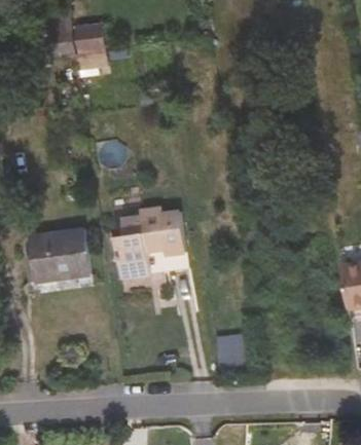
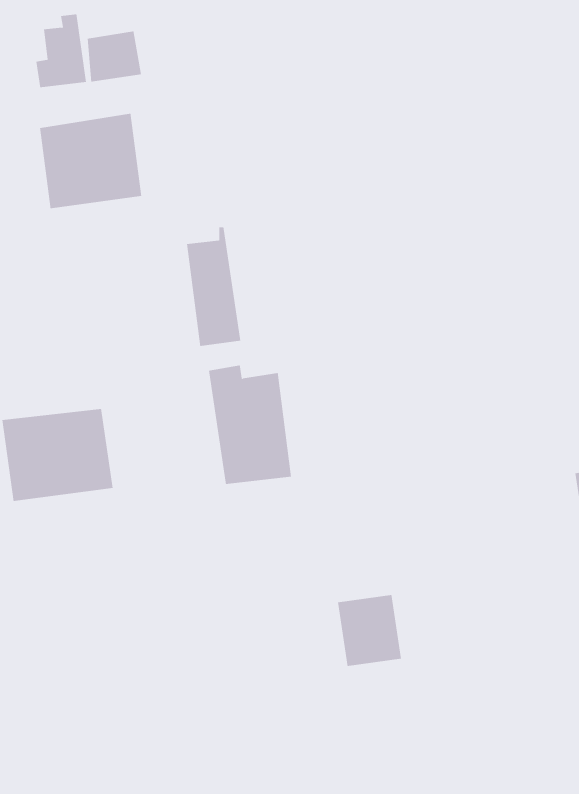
building: none -> [39,113,142,209]
building: [123,209,153,273] -> [186,227,241,346]

